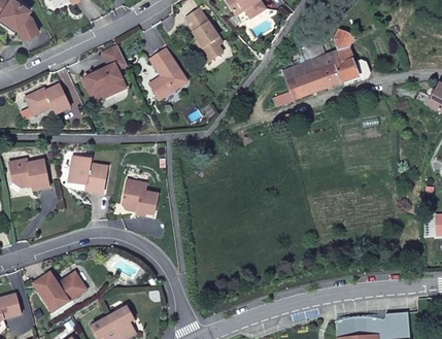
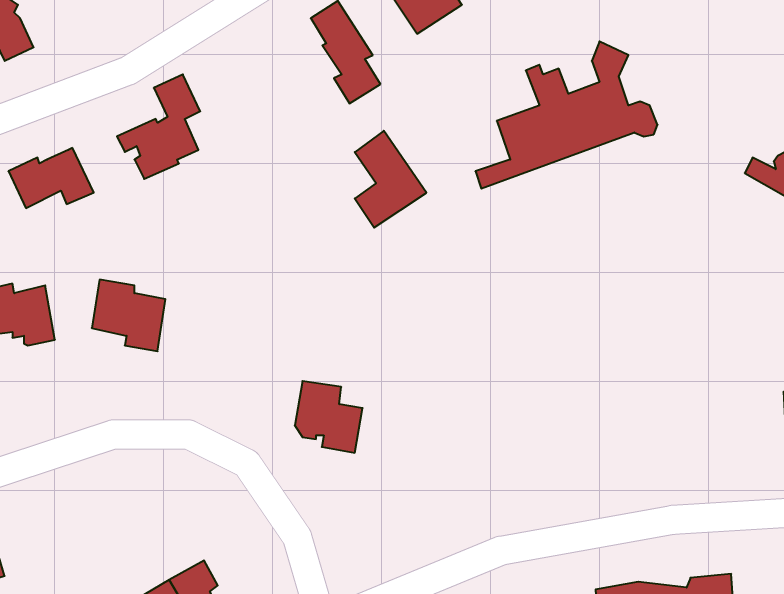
building: [148,48,186,100] -> [355,131,426,228]
building: [122,177,158,215] -> [295,381,363,453]
building: [33,271,82,311] -> none

